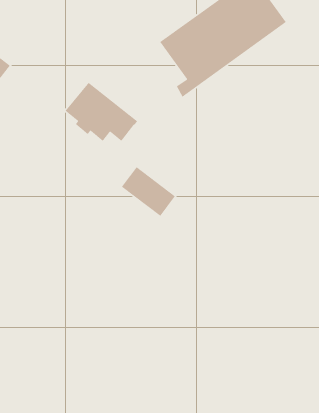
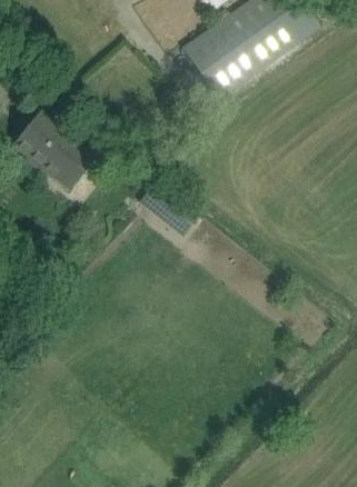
building: [65,82,138,142] -> [12,115,91,179]

